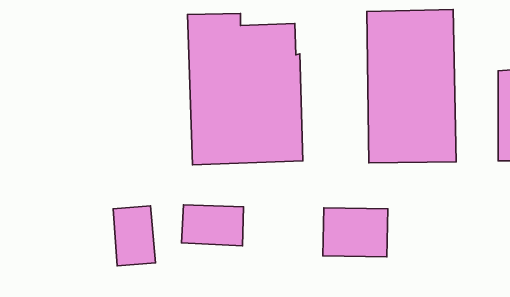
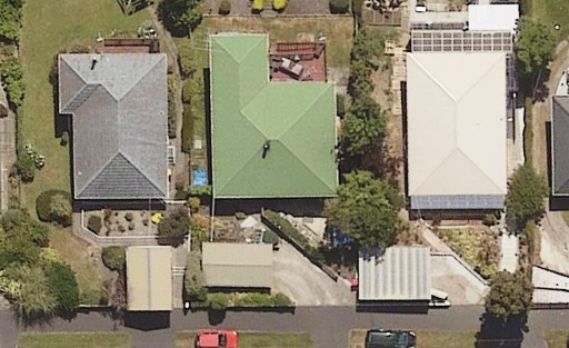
building: none -> [61,52,168,202]

